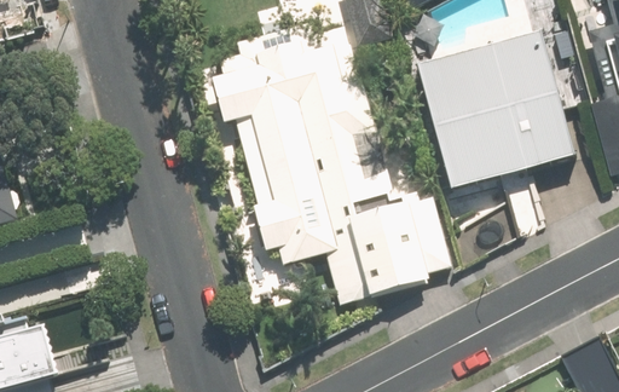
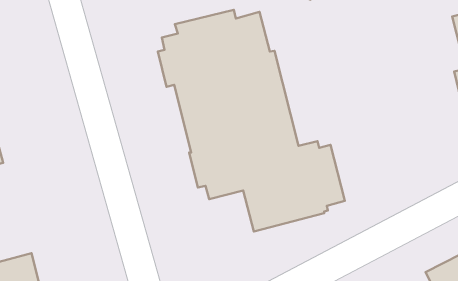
building: [420,29,575,186] -> none

